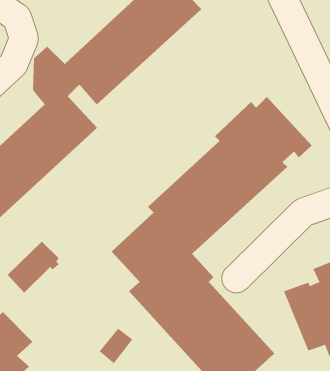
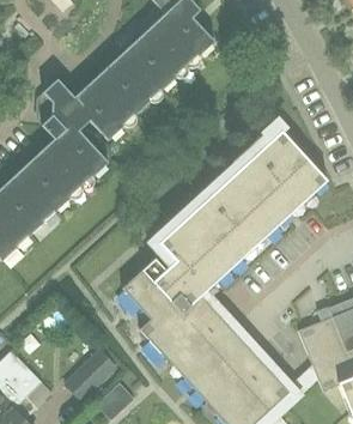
building: [7,241,60,294] -> [65,349,118,402]

